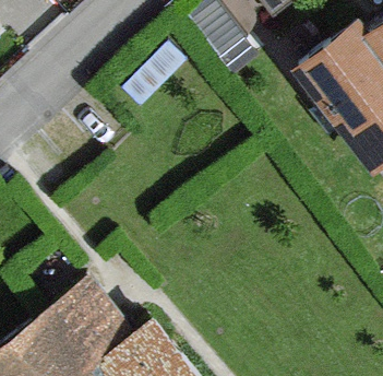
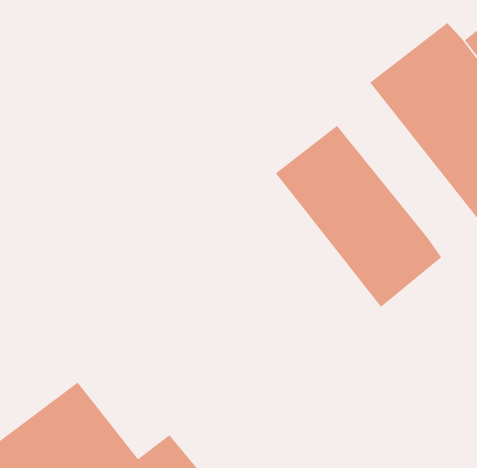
building: none -> [275,125,442,308]

